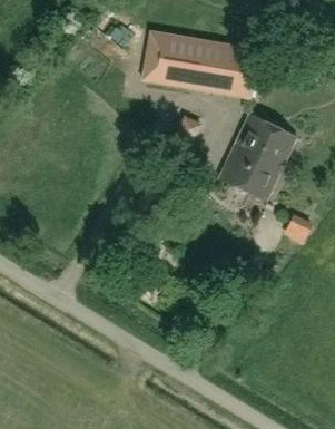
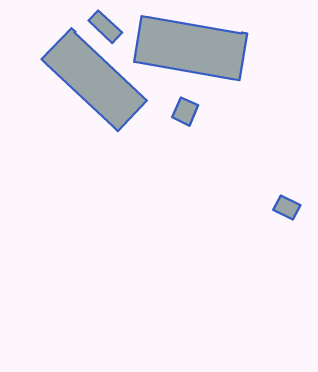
building: none -> [42,28,147,131]
building: [217,113,296,201] -> none

